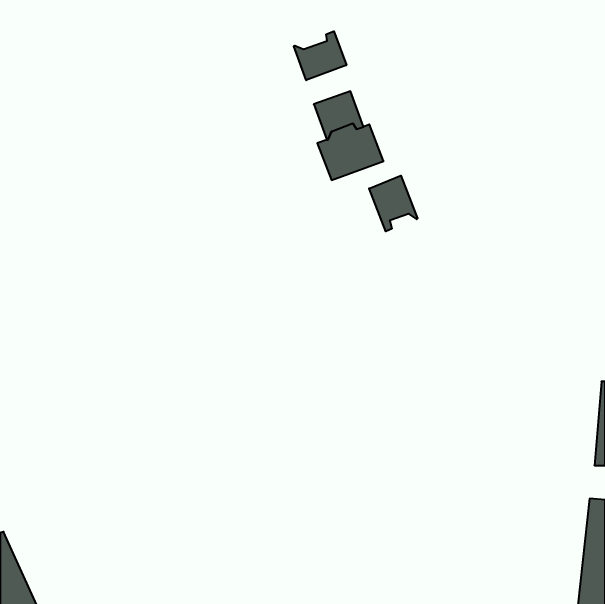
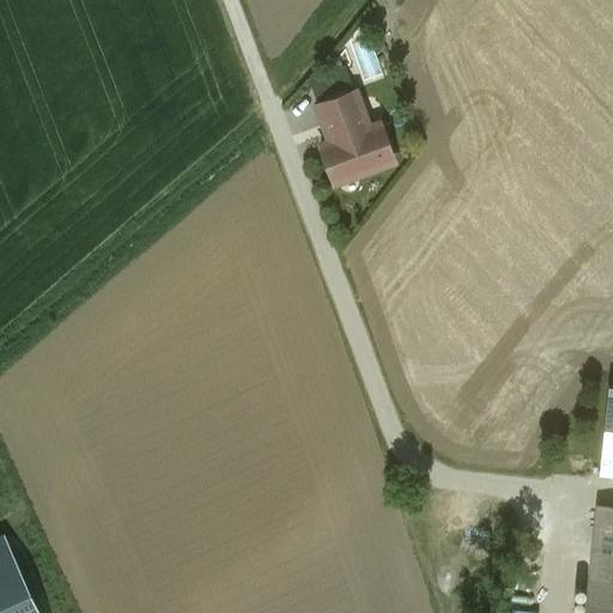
building: [294,31,346,80] -> none
building: [369,176,418,231] -> none

